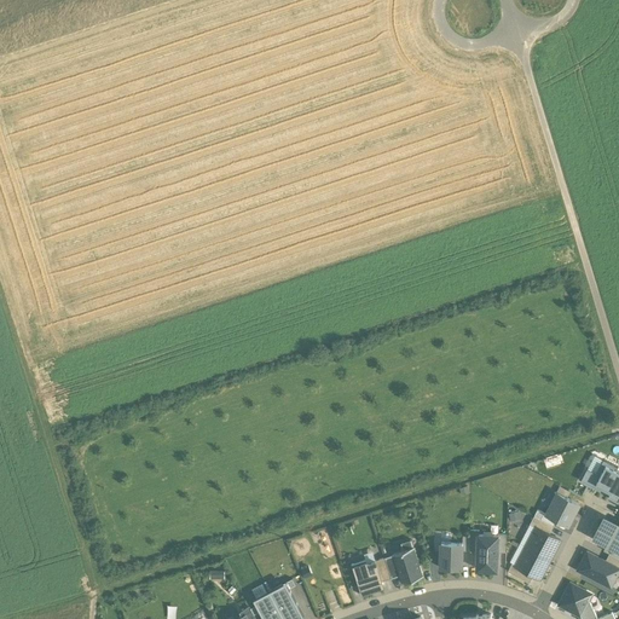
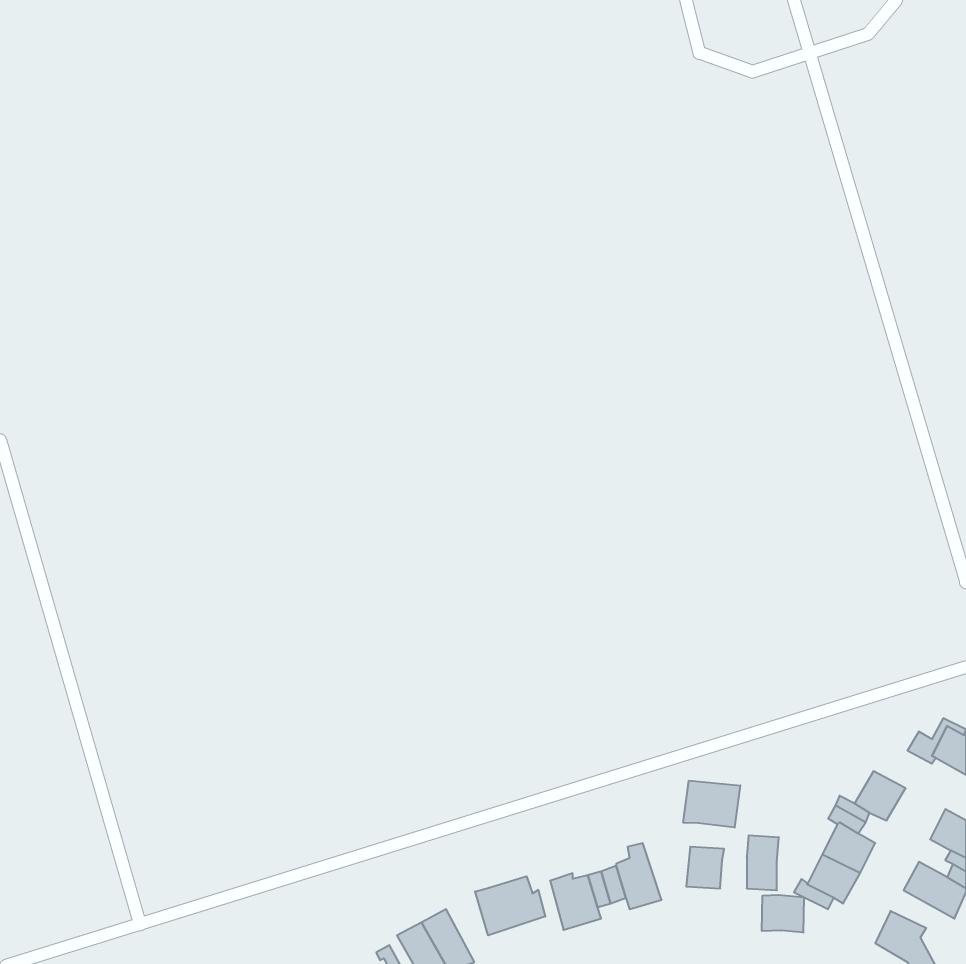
building: none -> [683,781,740,828]
building: none -> [475,876,545,935]
building: none -> [762,895,804,933]

